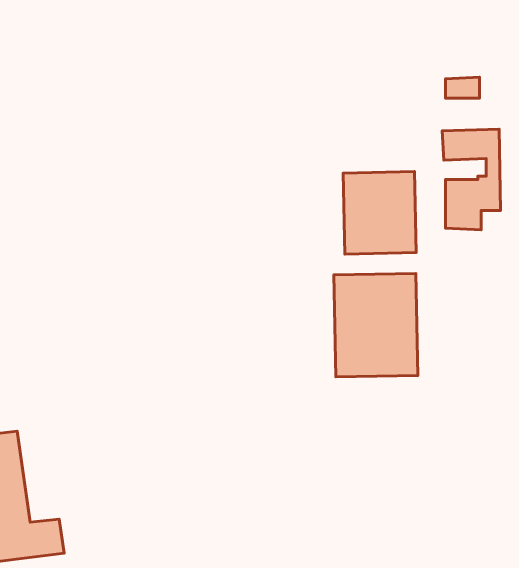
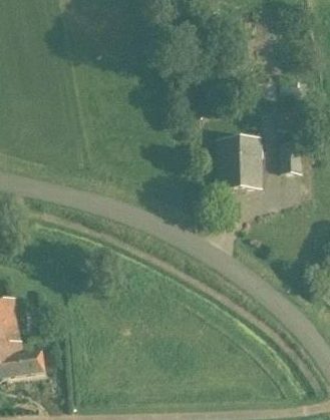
building: [334,273,418,377] -> none

